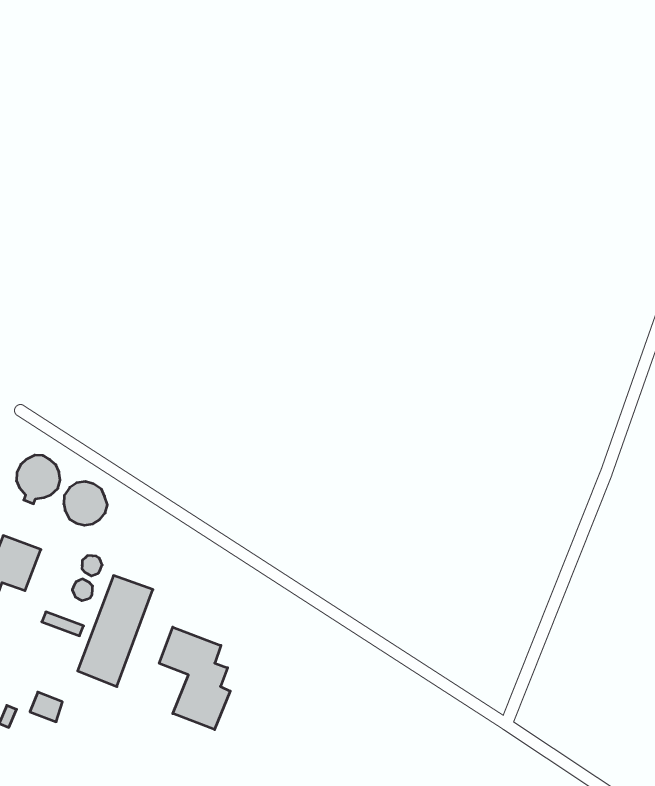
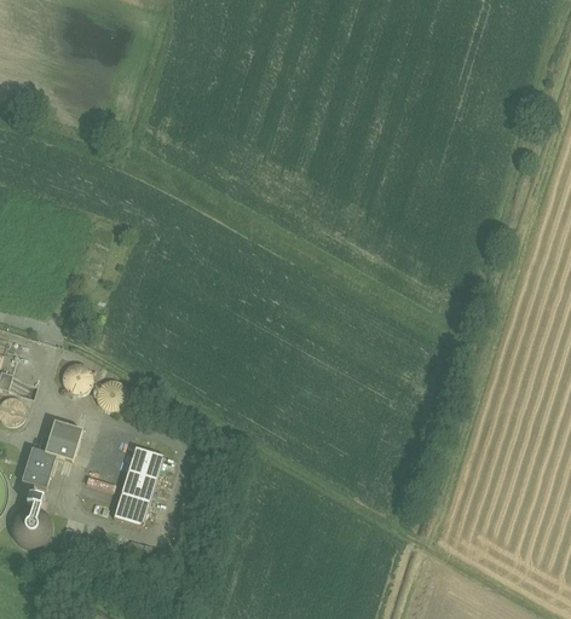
building: [159,627,230,730] -> none

